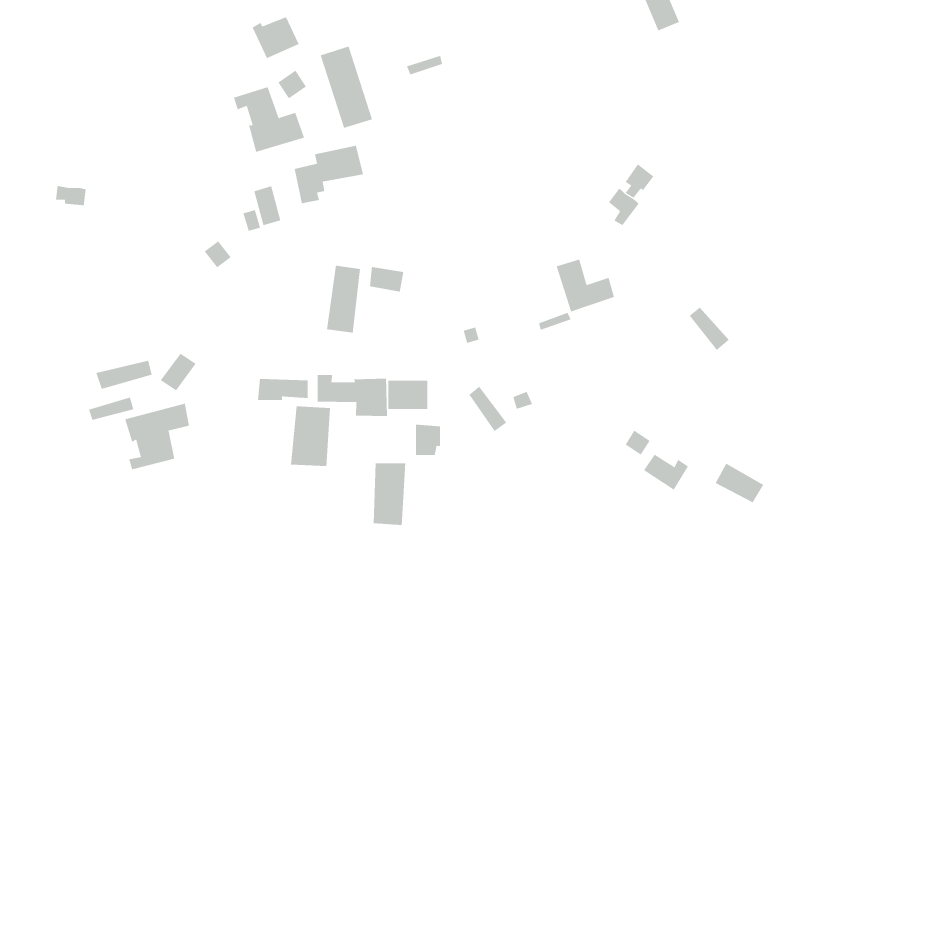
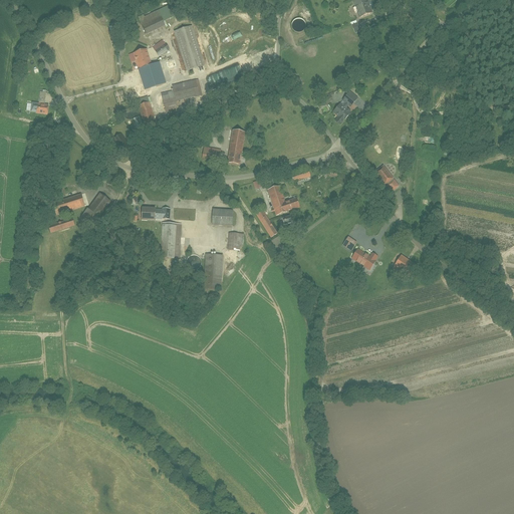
building: [556,259,615,312] -> [267,186,299,215]
building: [326,265,361,333] -> [227,127,246,165]
building: [317,374,388,417] -> none
building: [124,403,190,470] -> none

